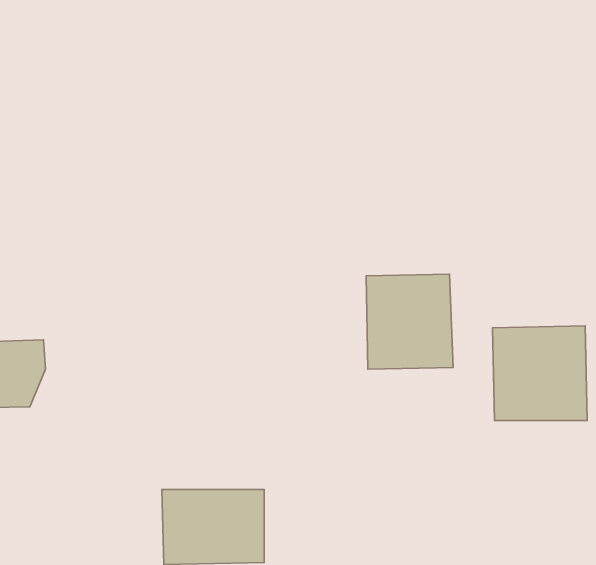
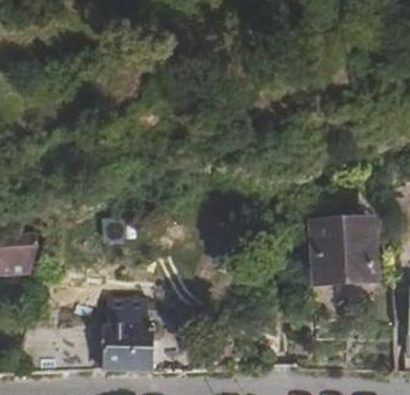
building: [366,274,453,369] -> none

